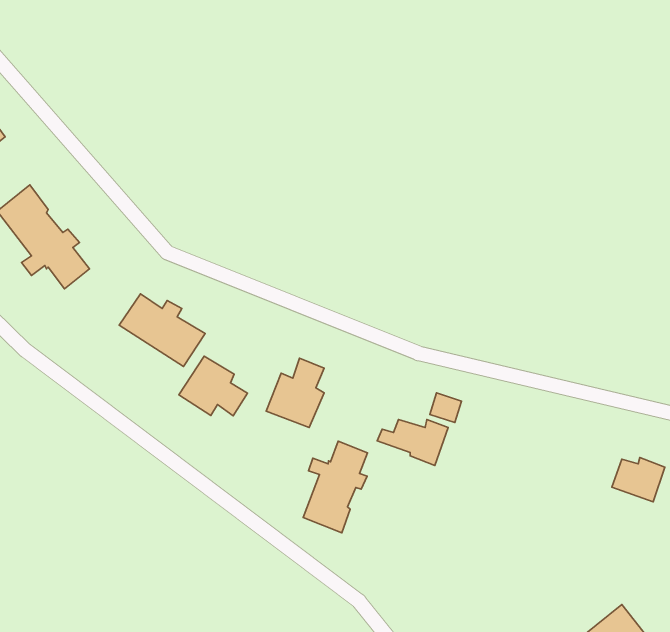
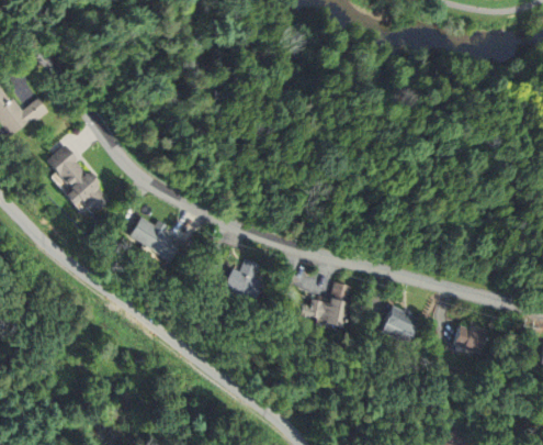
building: [179,356,247,416] -> none
building: none -> [380,305,418,344]
building: [303,441,367,533] -> none

